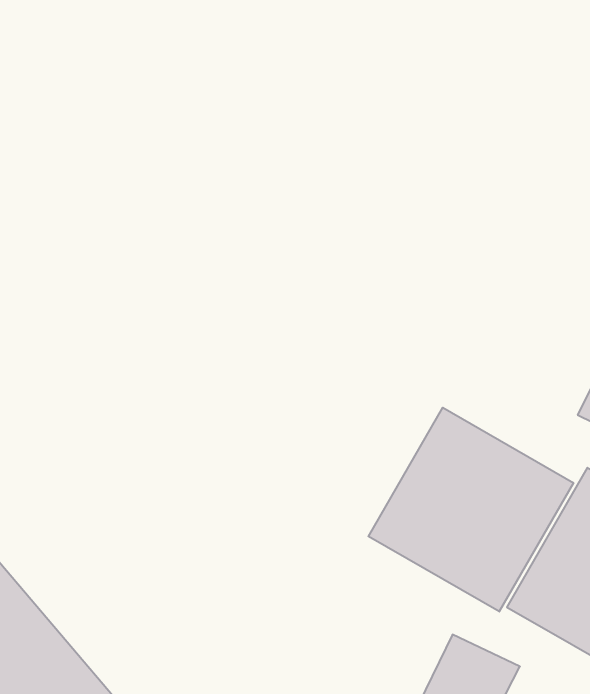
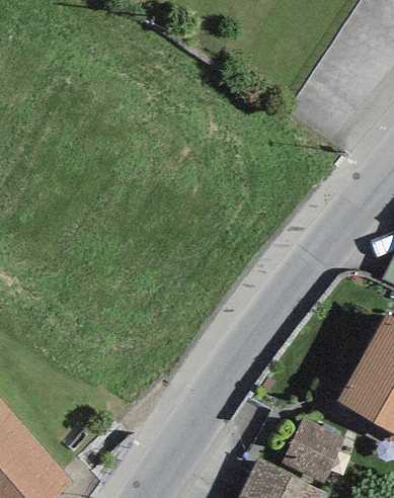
building: [368,408,573,612] -> none

